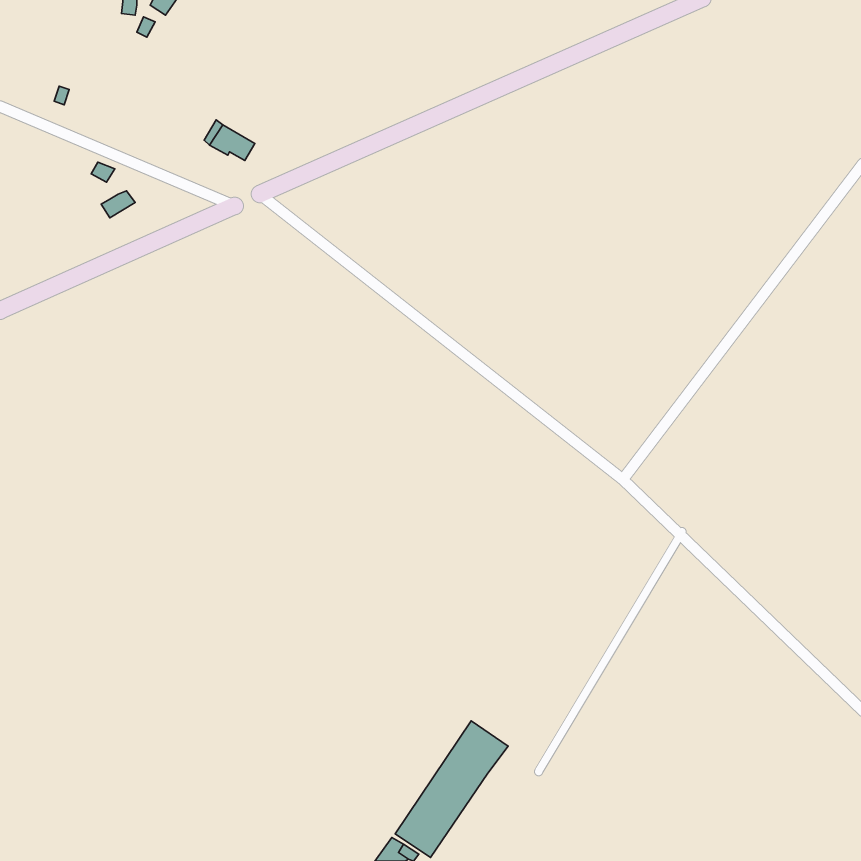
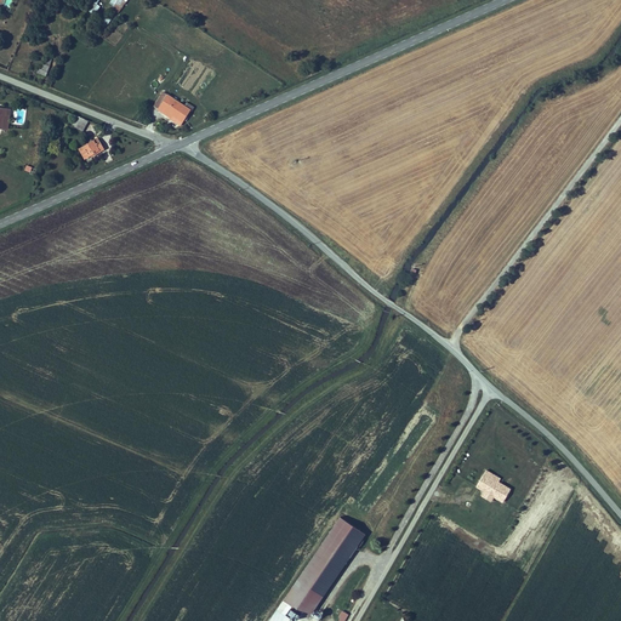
building: none -> [478,469,512,501]

